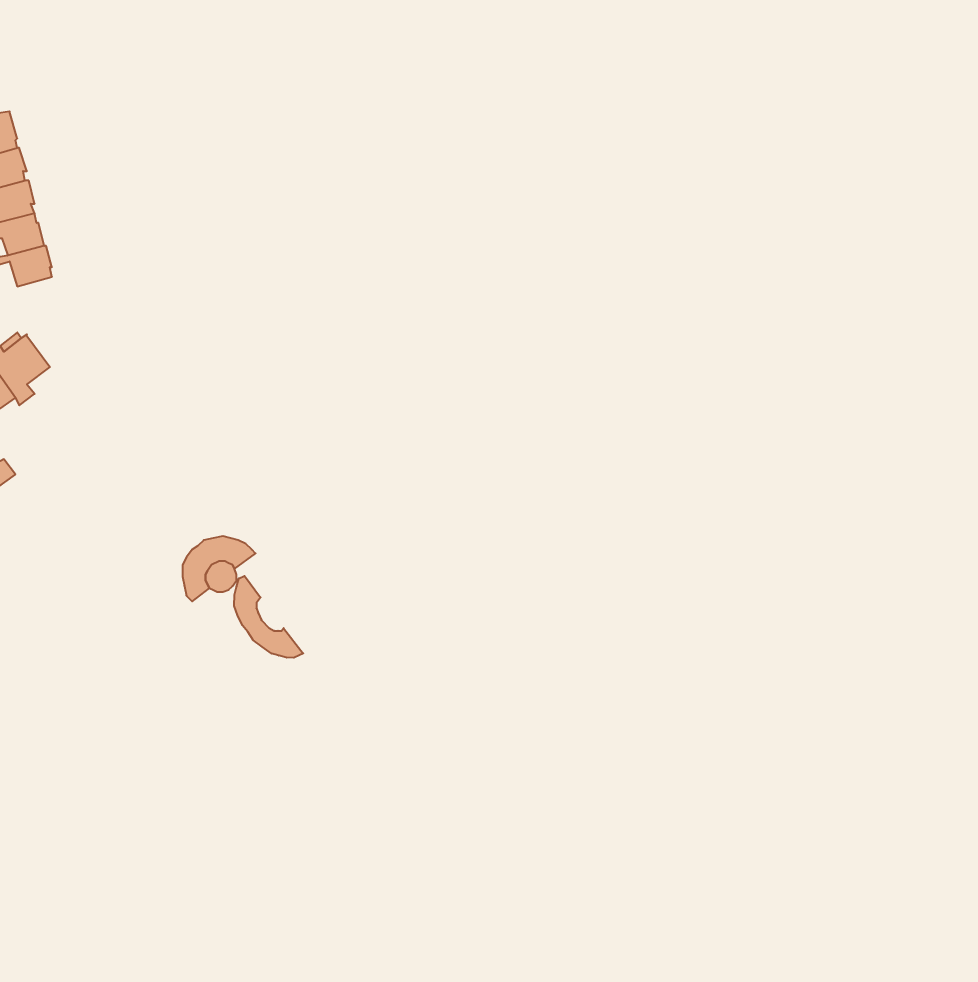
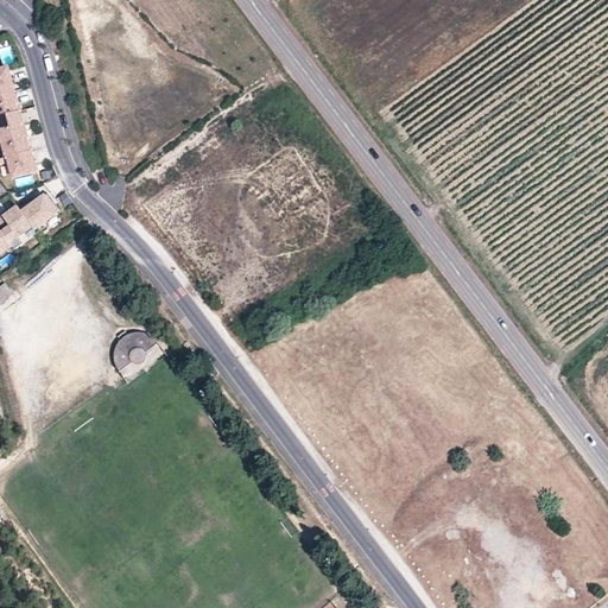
building: none -> [17,194,57,230]
building: [234,576,303,658] -> none

